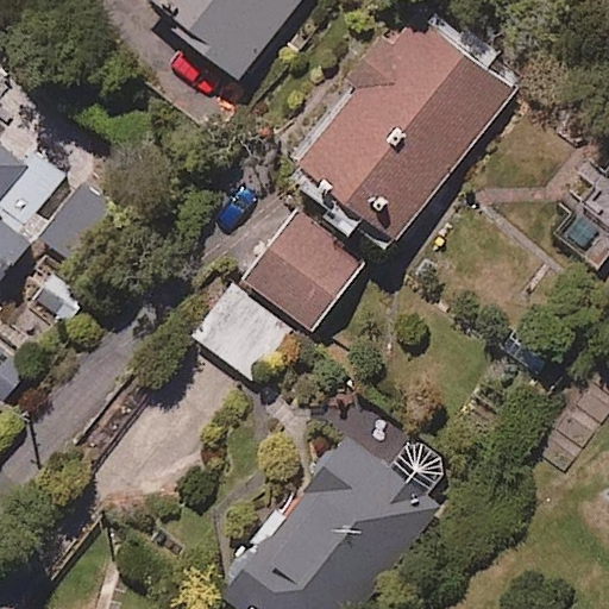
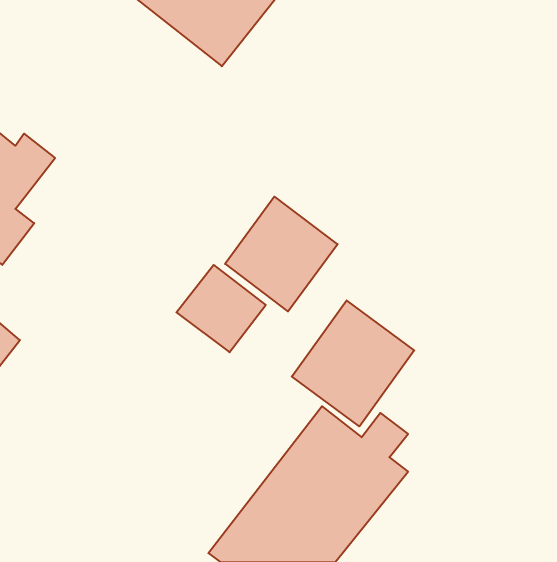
building: [296,12,511,241] -> none
building: none -> [292,300,414,426]

